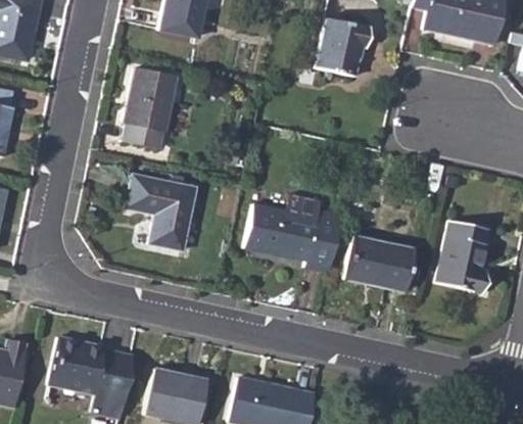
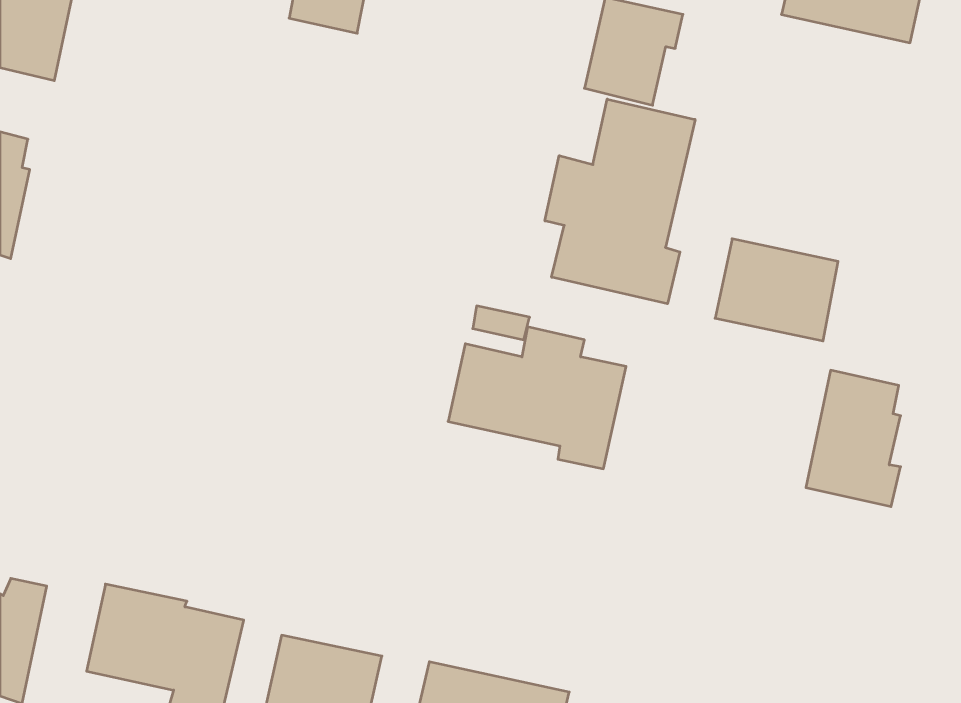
building: [130,69,187,150] -> none
building: none -> [545,99,695,304]
building: [122,174,192,250] -> none
building: [344,237,411,292] -> [715,239,838,341]

